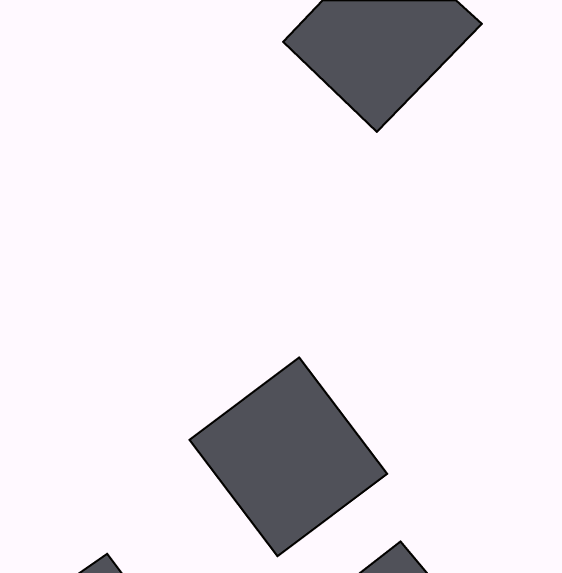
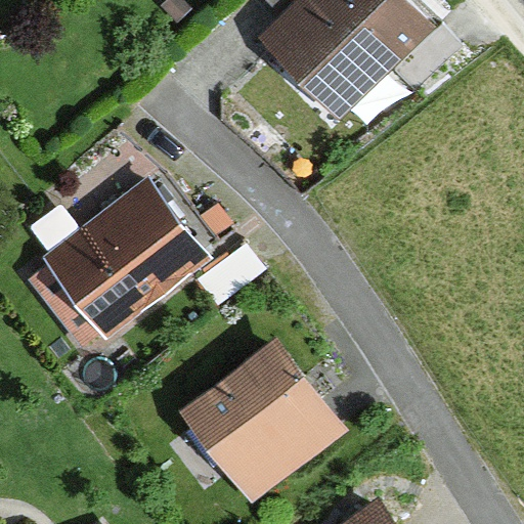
building: none -> [16,171,215,362]

